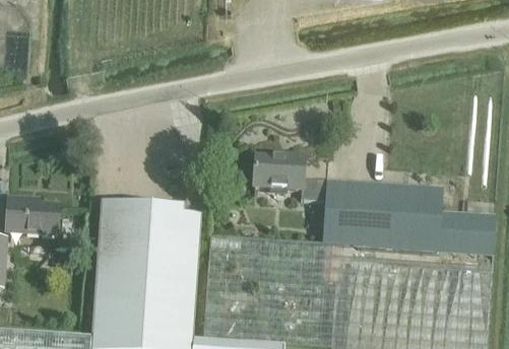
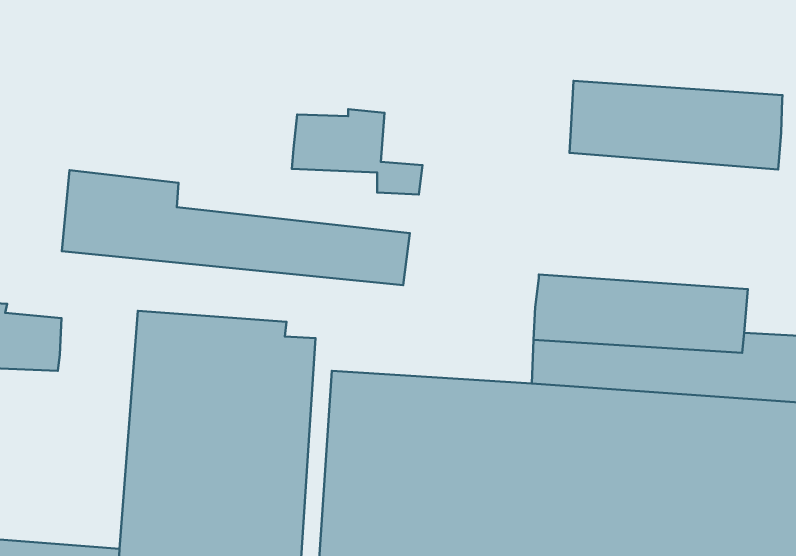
building: none -> [570,81,783,170]
building: none -> [62,170,410,285]
building: [253,154,326,202] -> [292,109,422,194]

